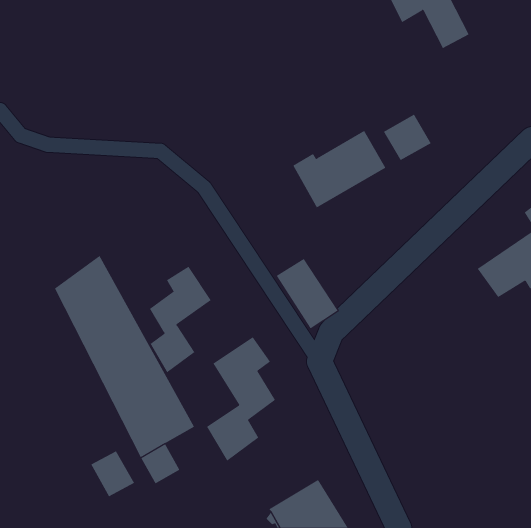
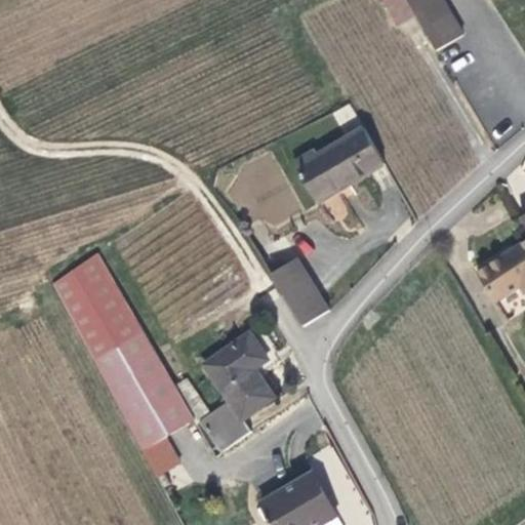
building: [383,114,431,161] -> none
building: [149,266,212,373] -> none
building: [90,450,135,497] -> none

